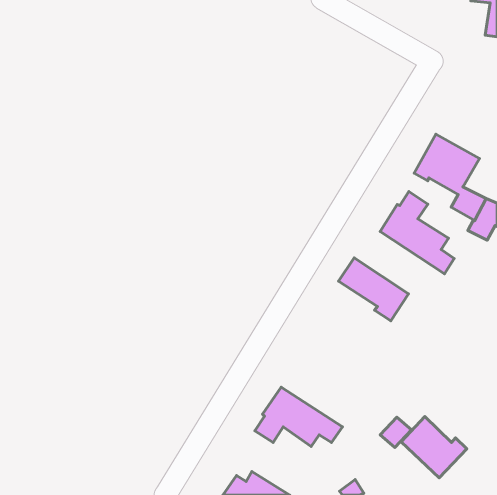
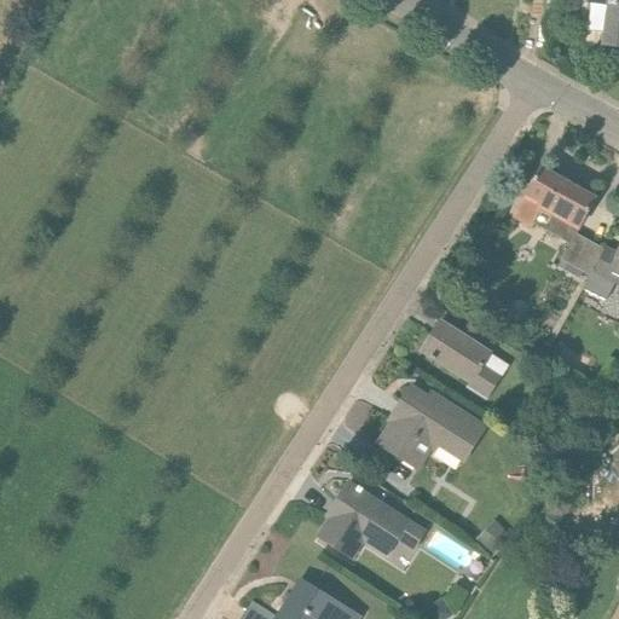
building: [380,191,454,274] -> none
building: none -> [378,386,487,467]
building: [401,417,467,478] -> none

